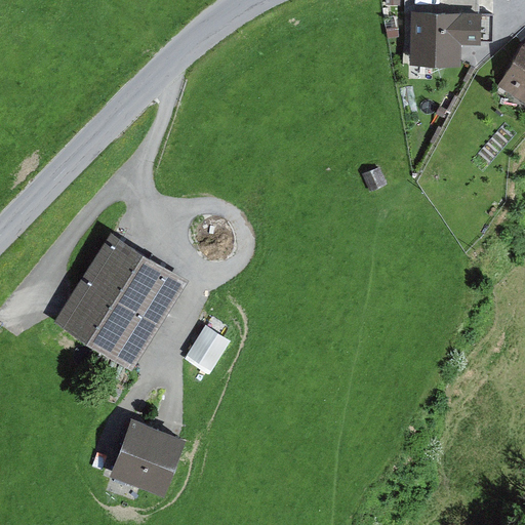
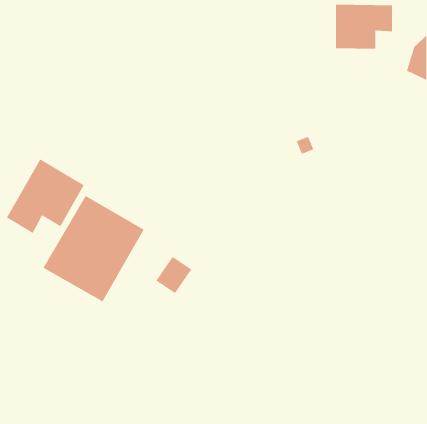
building: none -> [6,159,85,234]
building: [110,416,187,496] -> none

